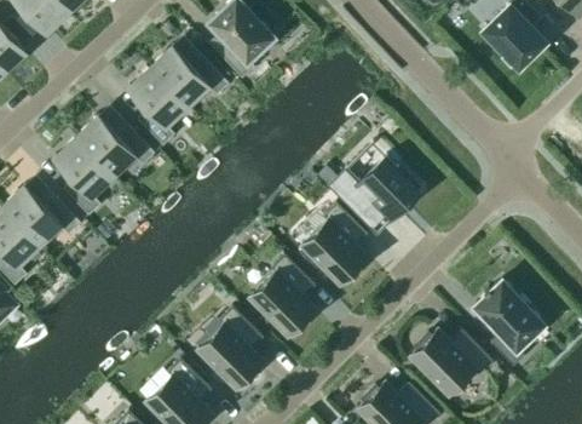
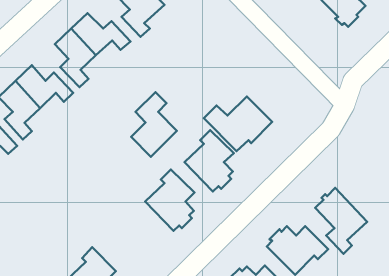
building: none -> [131,92,177,157]
building: [197,308,263,389] -> none

